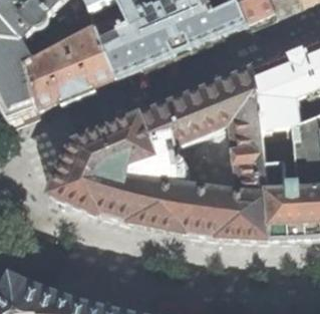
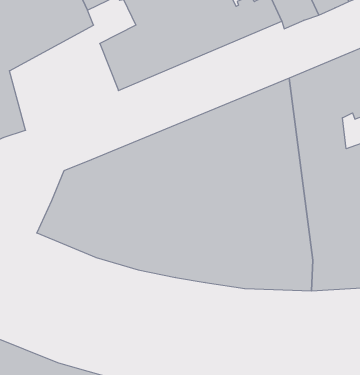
building: [28,24,116,109] -> none

